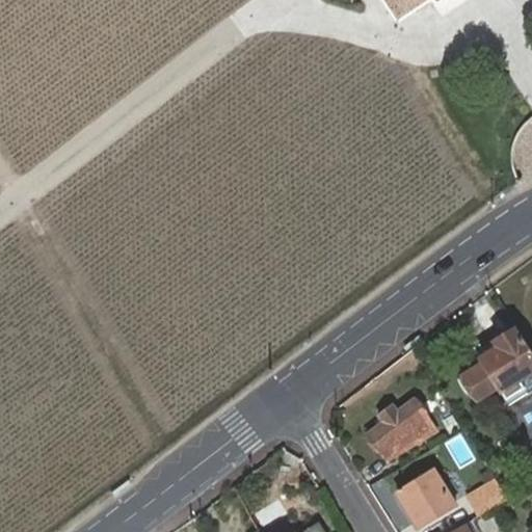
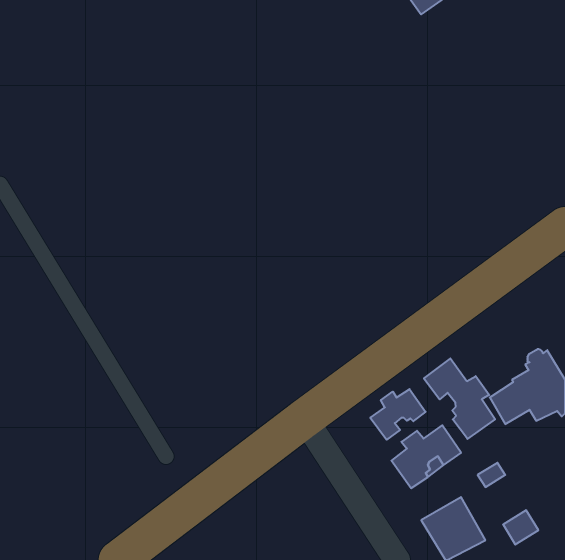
building: none -> [424,358,495,439]
building: none -> [370,389,426,440]

